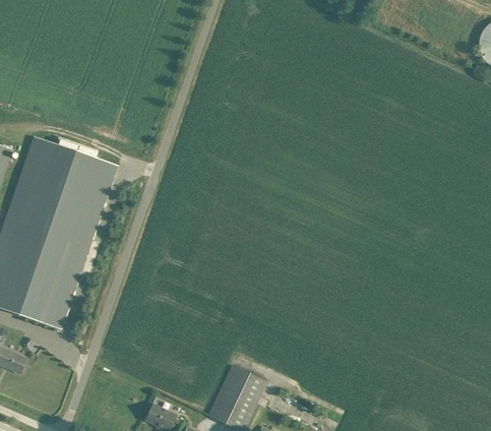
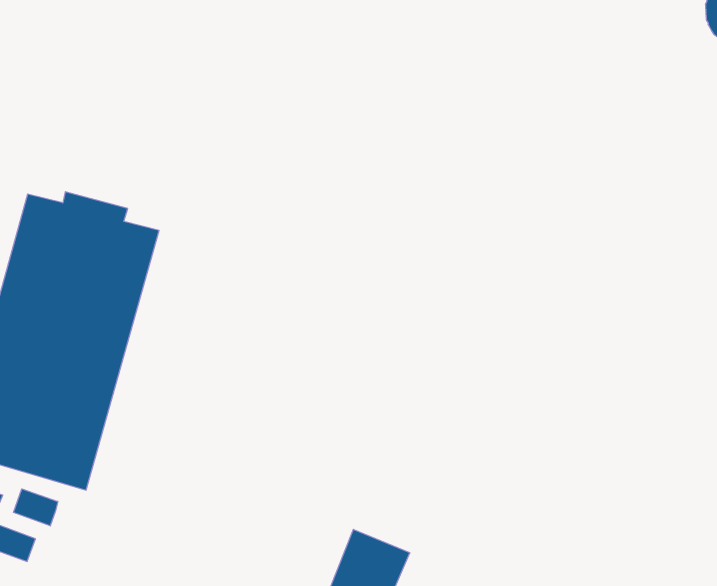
building: none -> [13,489,58,526]

